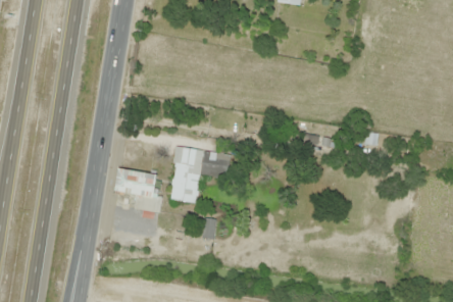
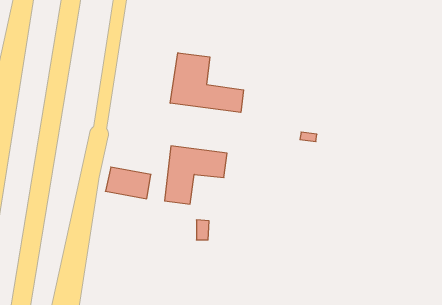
building: none -> [170,53,244,112]

